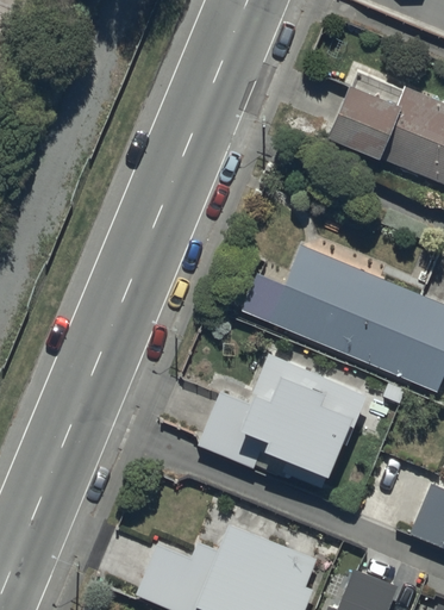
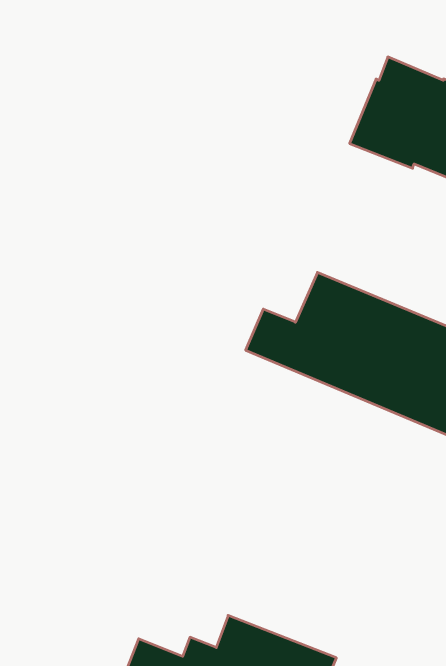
building: [198,356,367,496] -> none

